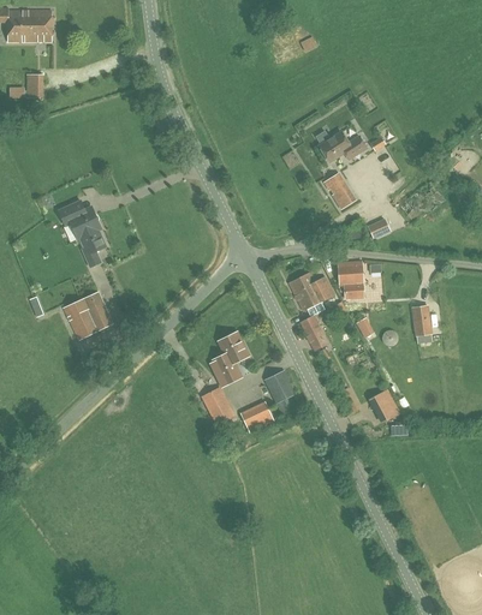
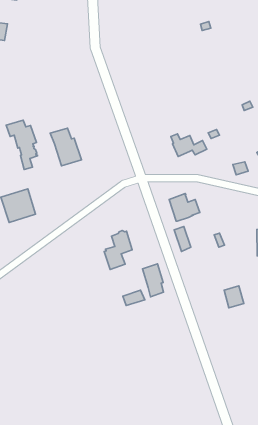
building: [315,131,365,161] -> [171,134,207,156]
building: none -> [50,128,81,166]
building: [337,261,363,298] -> none
building: [201,389,234,428] -> none

